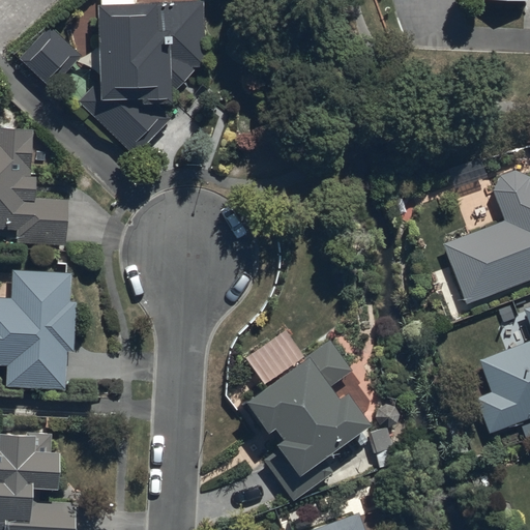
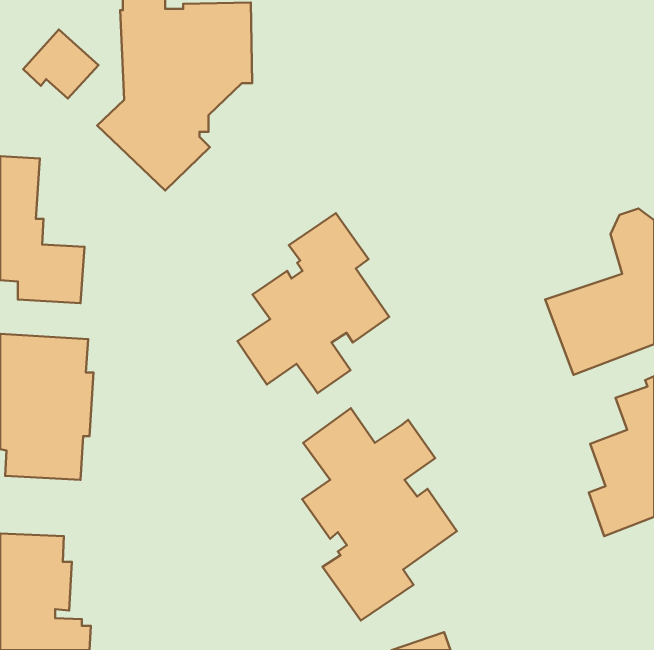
building: none -> [238,213,389,393]

